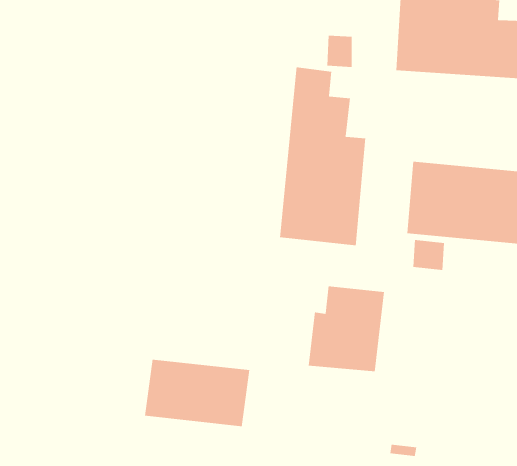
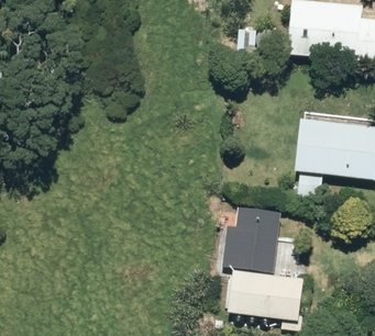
building: [280,67,366,246] -> none
building: [144,359,250,427] -> [228,270,304,318]

